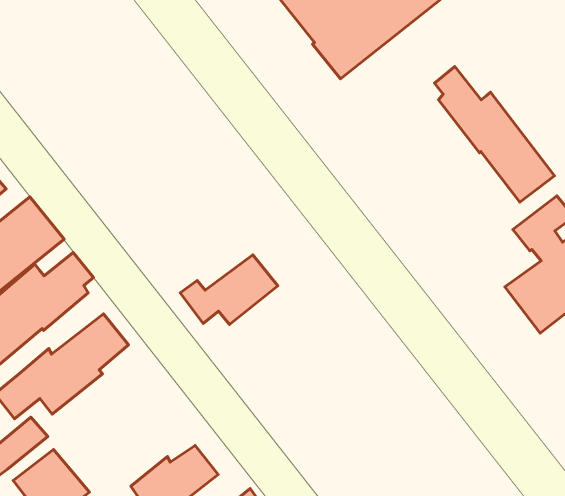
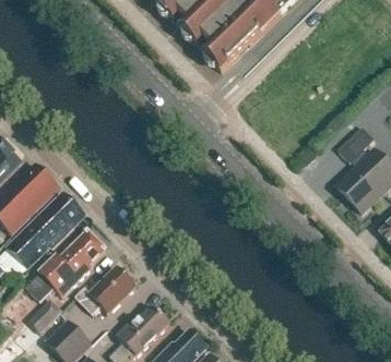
building: [434,67,555,202] -> none
building: [180,255,278,325] -> [78,266,138,312]

